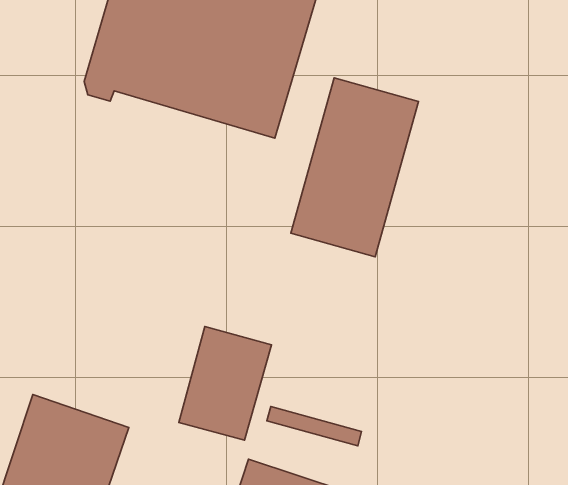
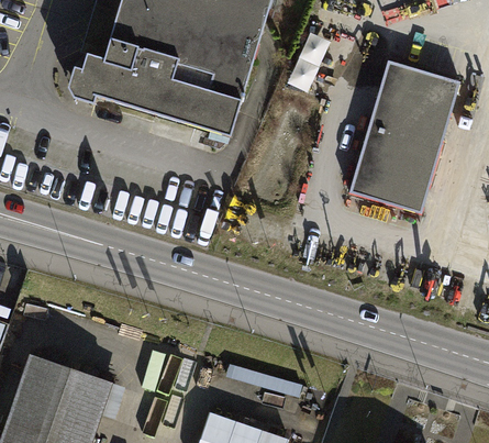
building: [291,78,418,257] -> [346,58,453,208]
building: [179,326,271,440] -> none

